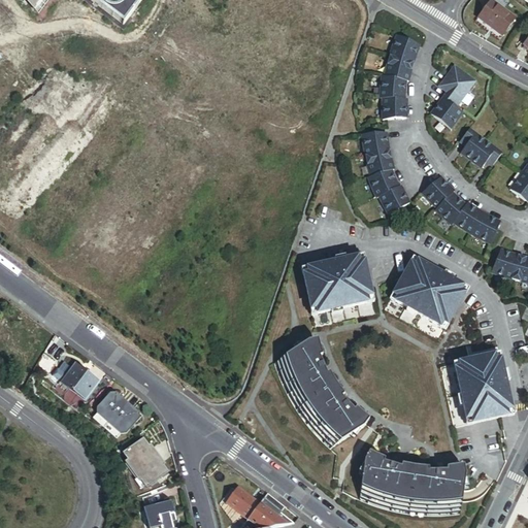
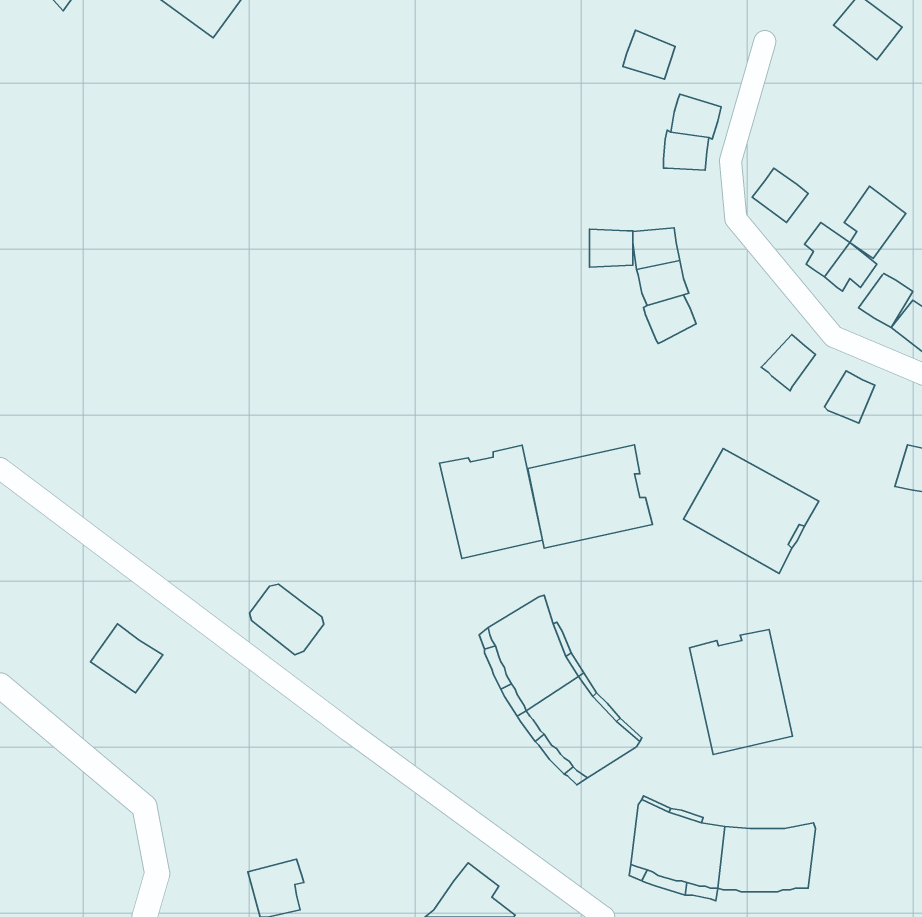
building: [389,33,419,61] -> [623,30,675,79]
building: [439,64,474,105] -> [844,186,906,259]
building: [382,96,406,118] -> [589,229,633,267]
building: [422,175,454,207] -> none
building: [378,184,410,213] -> none
building: [453,201,484,232] -> [859,273,913,328]
building: [492,248,519,277] -> none
building: none -> [440,445,543,559]
building: [455,352,514,423] -> [690,630,793,754]
building: [93,386,135,426] -> [250,584,324,655]
building: [125,434,171,484] -> none
building: [227,487,260,519] -> none

